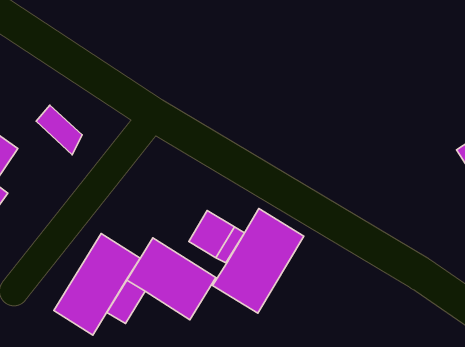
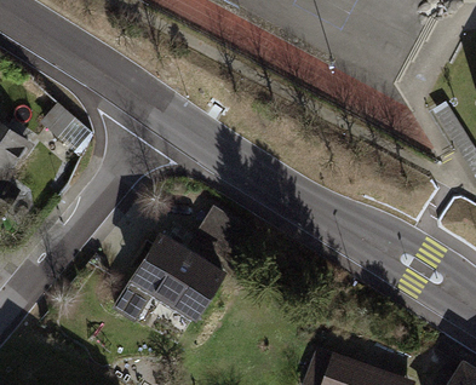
building: [213,209,304,313] -> none
building: [54,233,140,335] -> none

